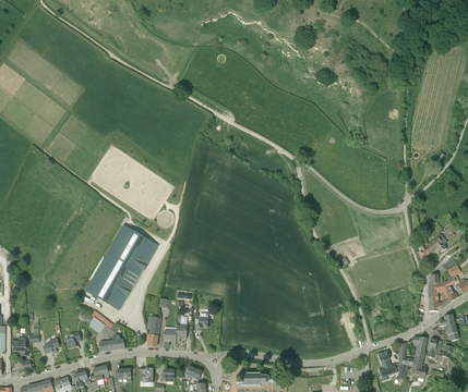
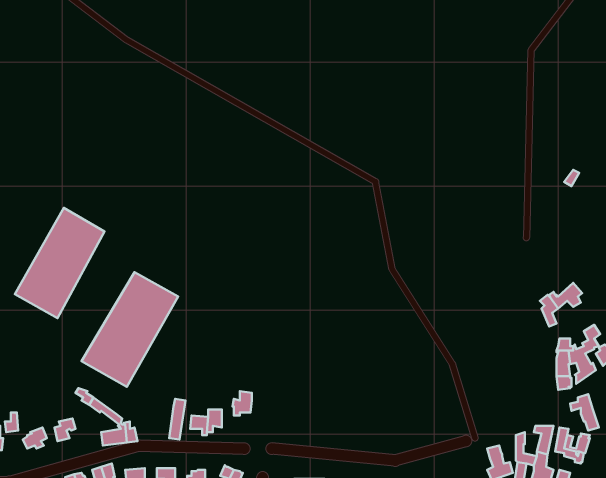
building: none -> [15,208,105,318]

